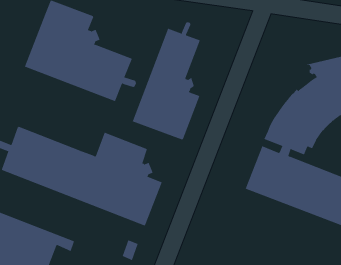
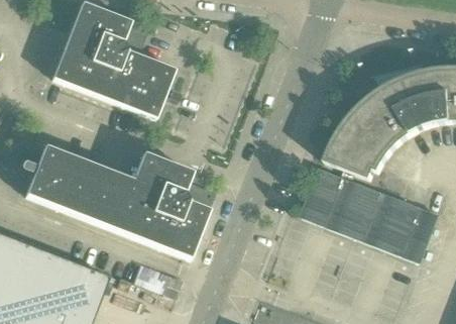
building: [132,21,201,140] -> none

